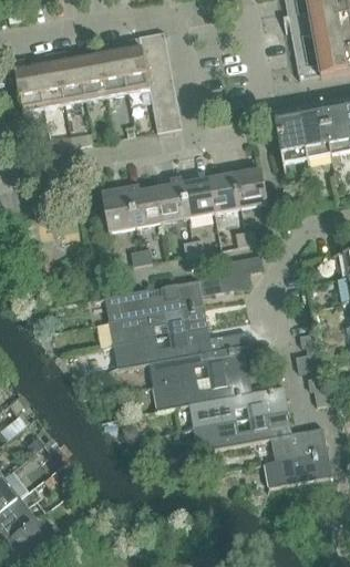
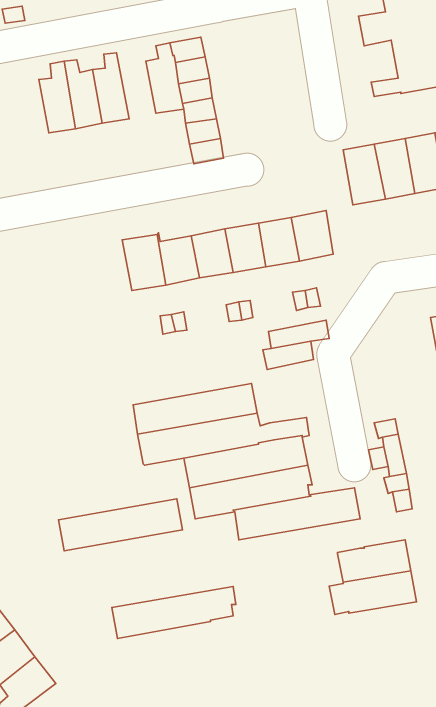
building: [96,40,127,94] -> none
building: [13,54,43,110] -> none
building: [105,278,203,319] -> [58,499,182,551]
building: [193,409,290,450] -> [112,586,236,638]

